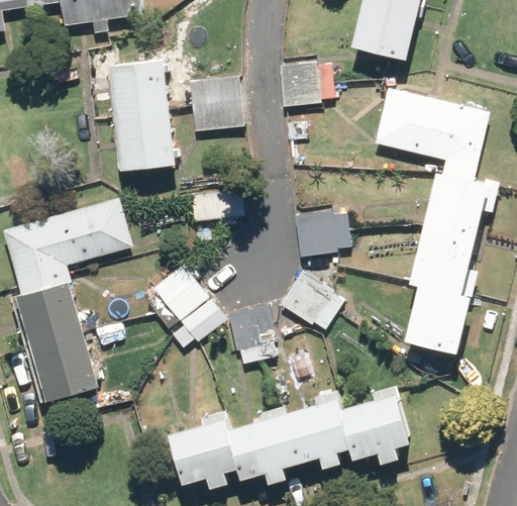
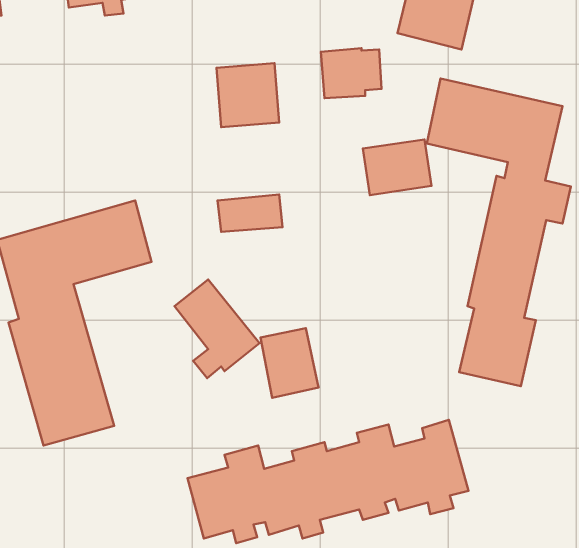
building: [108,61,173,174] -> none
building: [296,206,355,255] -> [363,139,431,195]
building: [281,267,348,331] -> none

